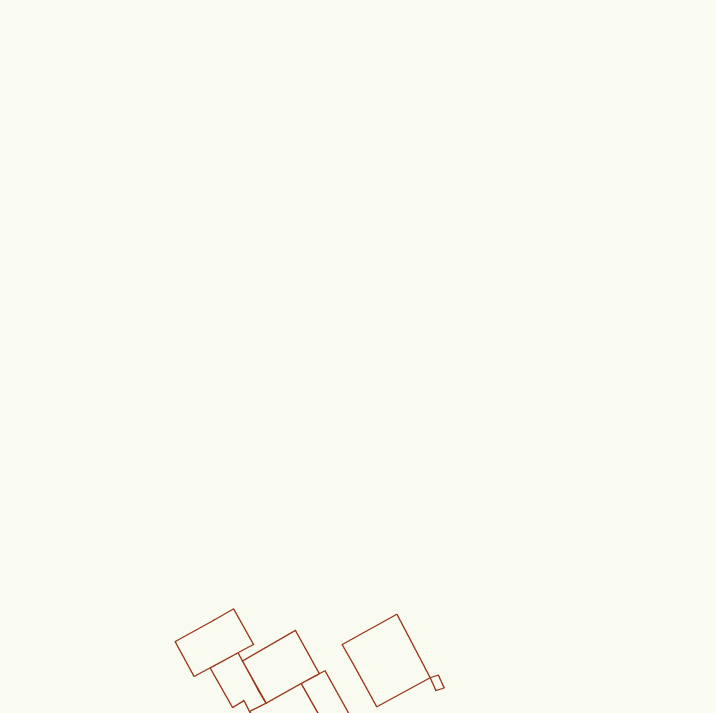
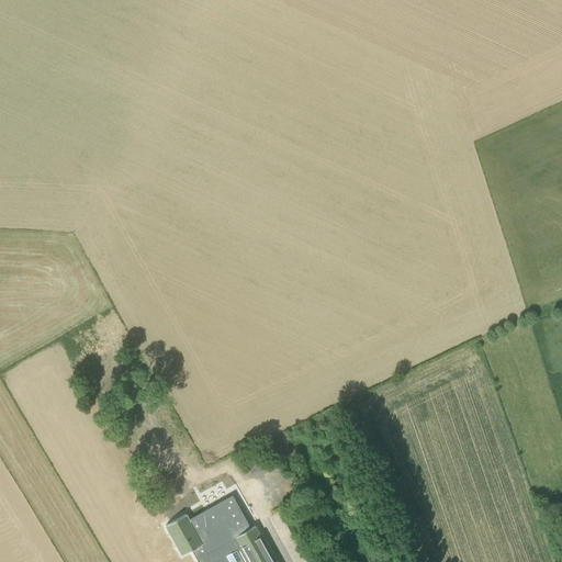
building: [175,609,254,676] -> none
building: [342,614,430,707] -> none

